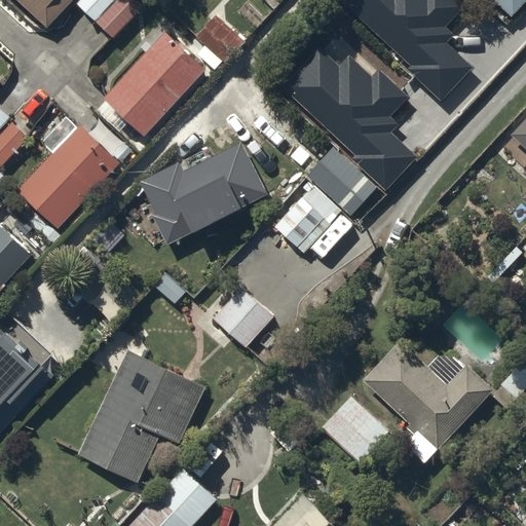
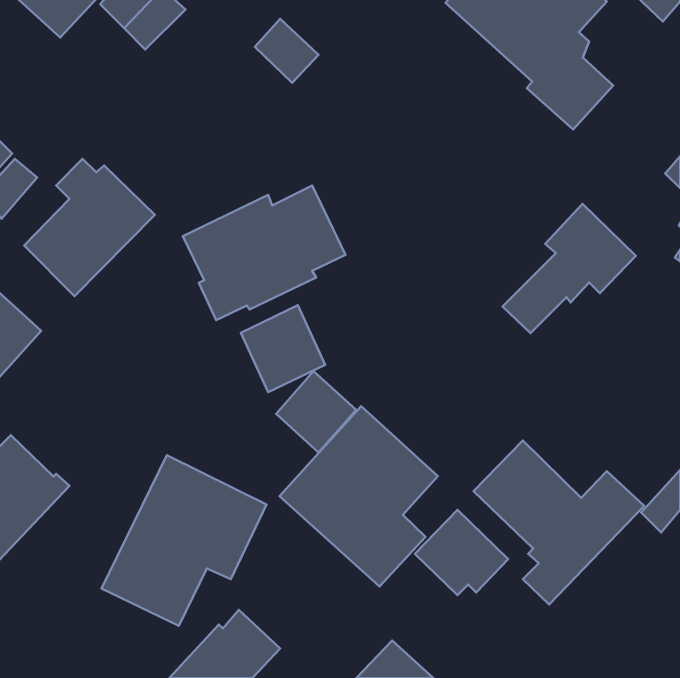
building: [103,33,205,137] -> none
building: [278,44,415,186] -> none
building: [274,147,377,247] -> [502,204,636,333]
building: none -> [241,305,325,392]
building: none -> [280,406,438,587]

